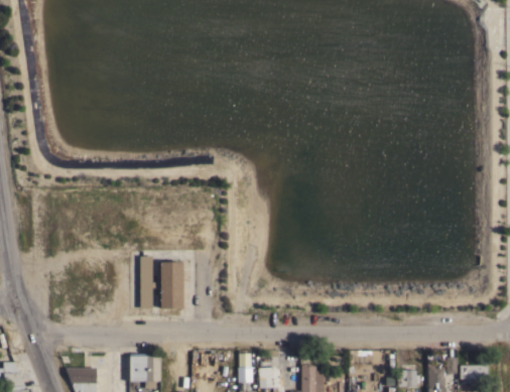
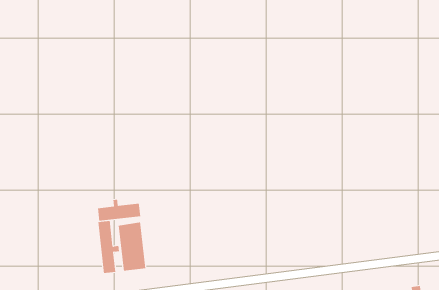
building: none -> [97,199,141,222]

